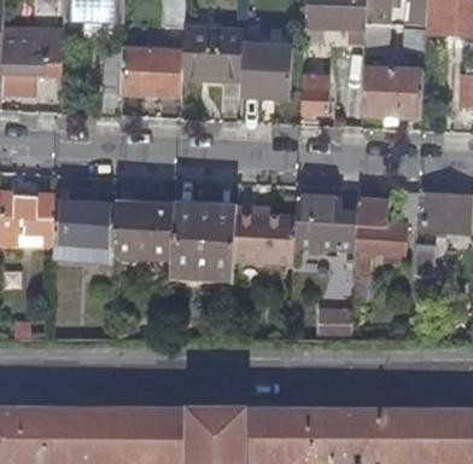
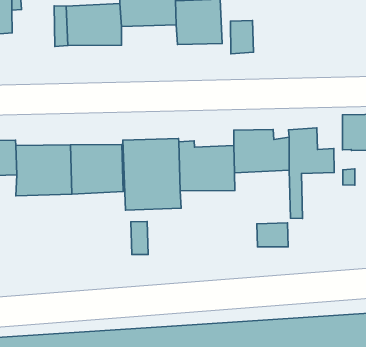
building: [362,69,424,120] -> none

